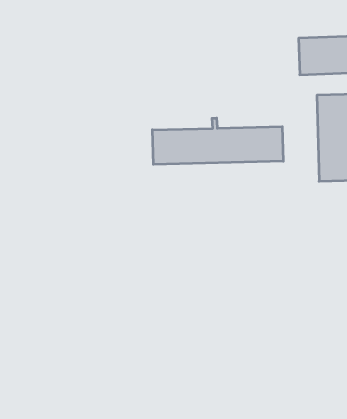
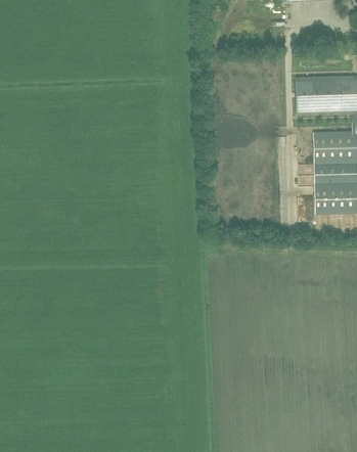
building: [152,118,283,164] -> none

